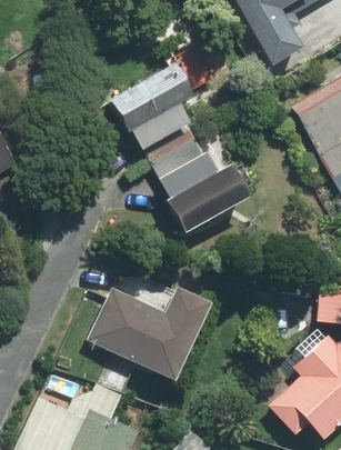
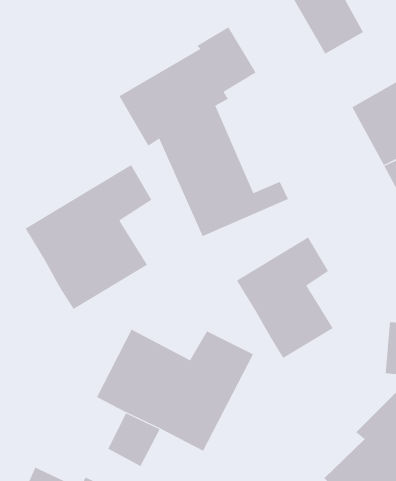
building: none -> [25,164,152,310]
building: none -> [236,237,334,359]

